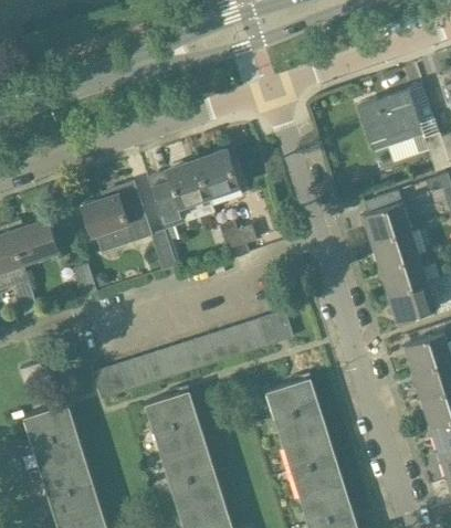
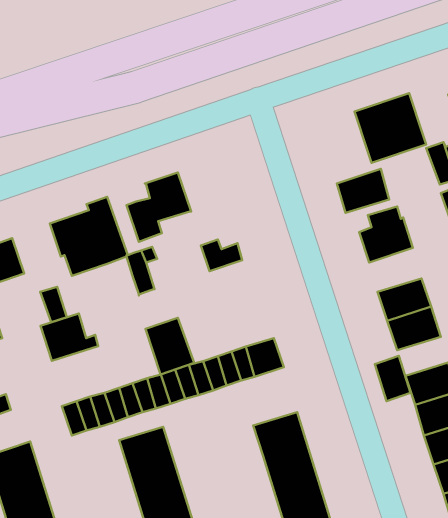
building: [198,149,242,205] -> none
building: [371,228,419,267] -> [337,169,389,213]
building: none -> [41,313,98,361]
building: none -> [145,318,194,374]
building: none -> [375,356,410,401]

